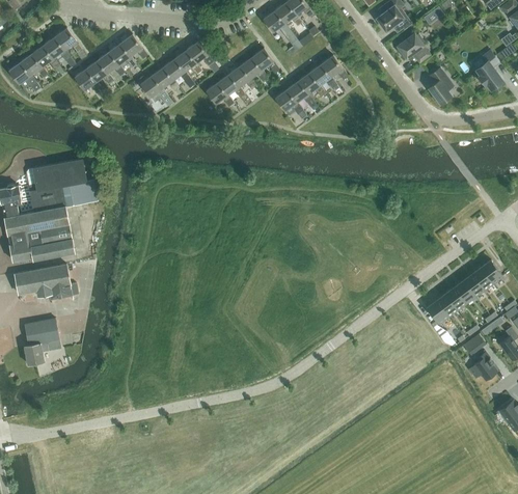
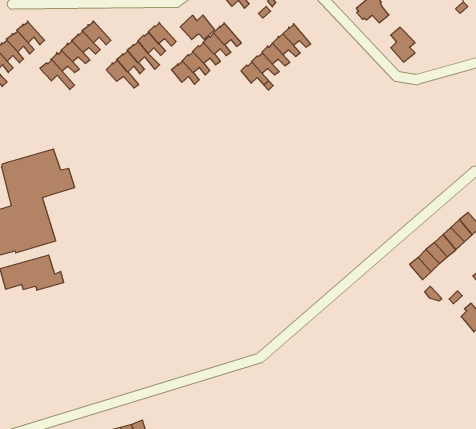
building: none -> [180,15,215,40]
building: [476,52,501,89] -> none
building: [24,319,61,364] -> none

